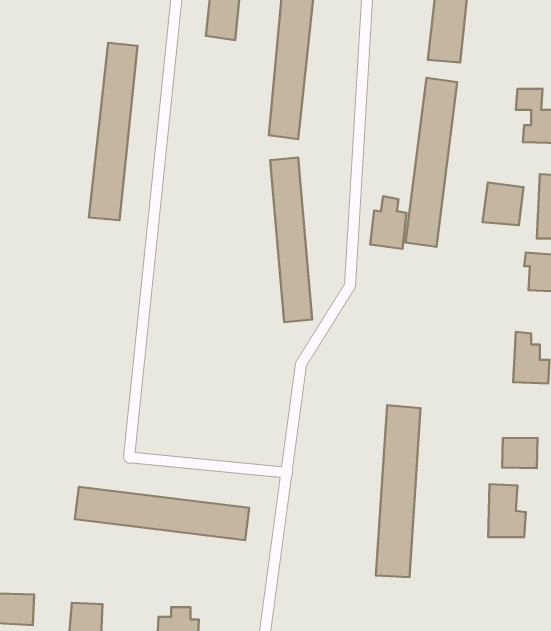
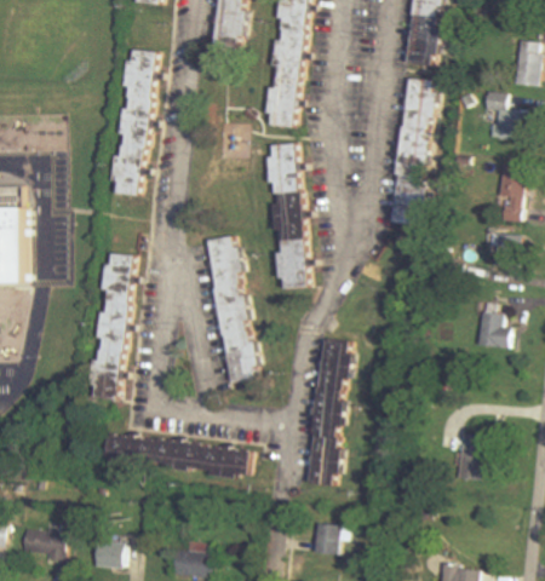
building: [483,183,524,225] -> none
building: [370,196,407,249] -> none
building: none -> [202,238,259,387]
building: none -> [85,254,131,403]
building: [376,405,421,577] -> [308,341,346,490]
building: [502,438,538,468] -> none
building: none -> [311,520,348,552]

